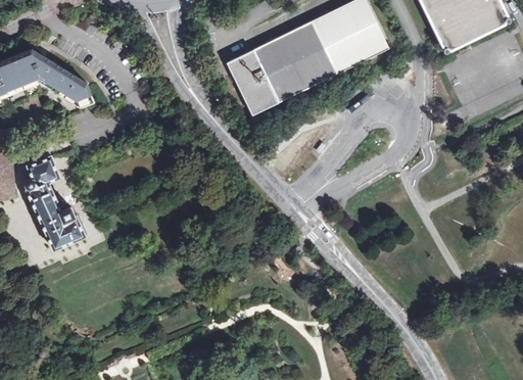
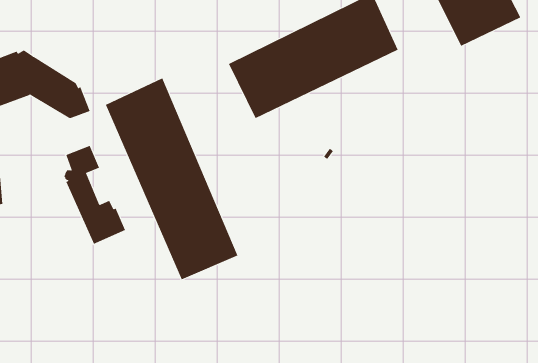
building: none -> [105,78,238,280]
building: [25,155,84,249] -> [63,145,126,244]

